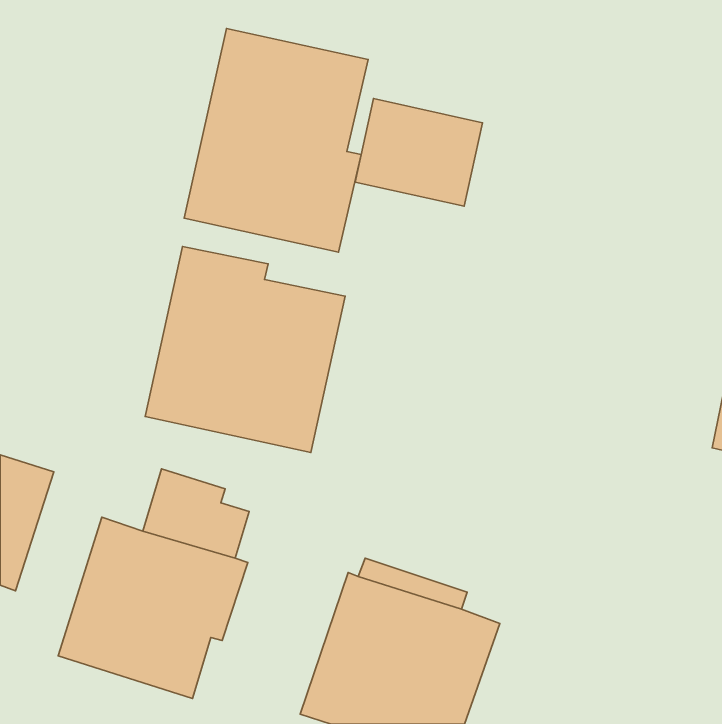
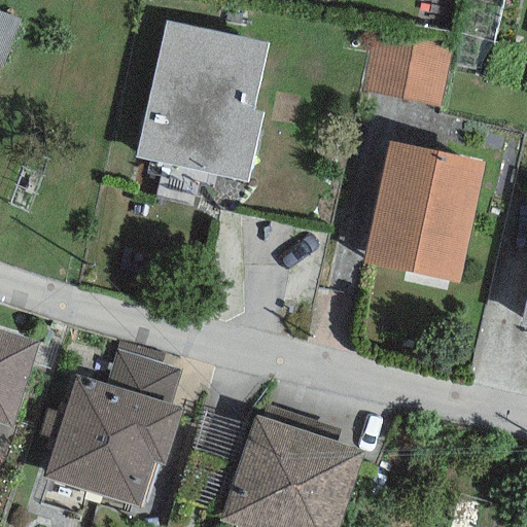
building: [355,99,483,206] -> [358,30,451,108]
building: none -> [364,141,484,283]
building: [145,246,345,452] -> none

